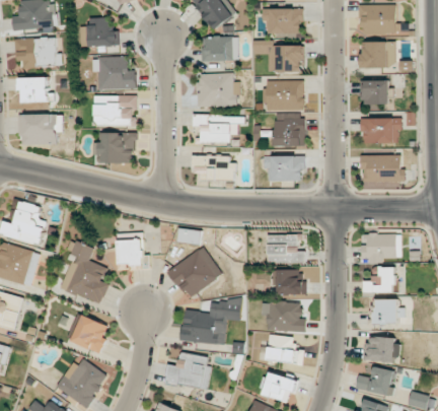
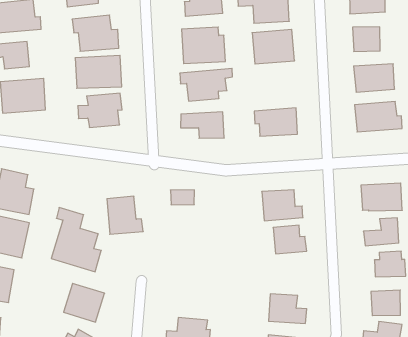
building: [272,120,304,147] -> none
building: [167,247,222,299] -> none
building: [179,300,240,345] -> none
building: [261,301,303,333] -> none

